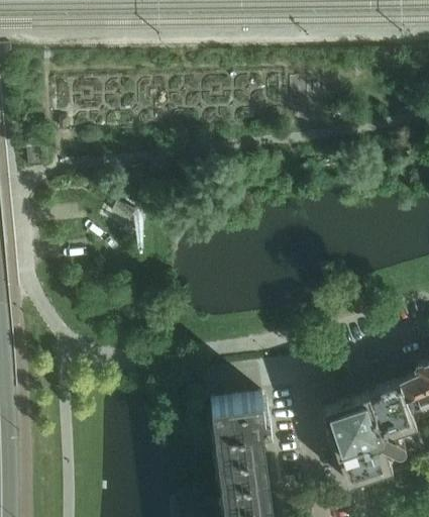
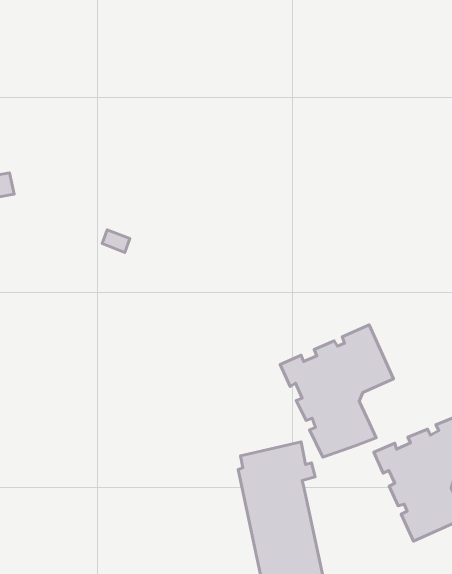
building: none -> [280,325,393,457]

